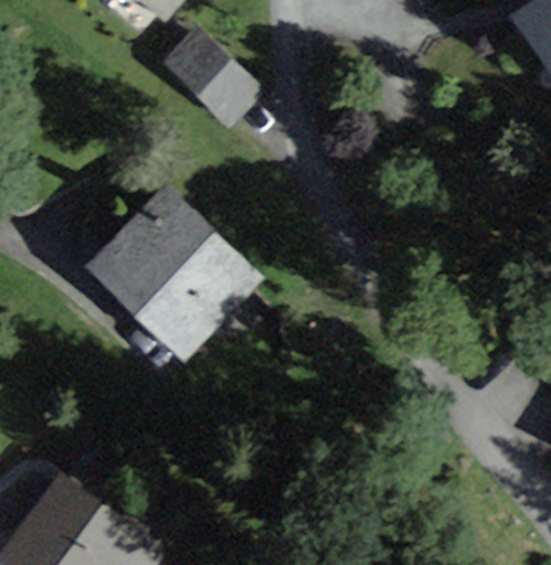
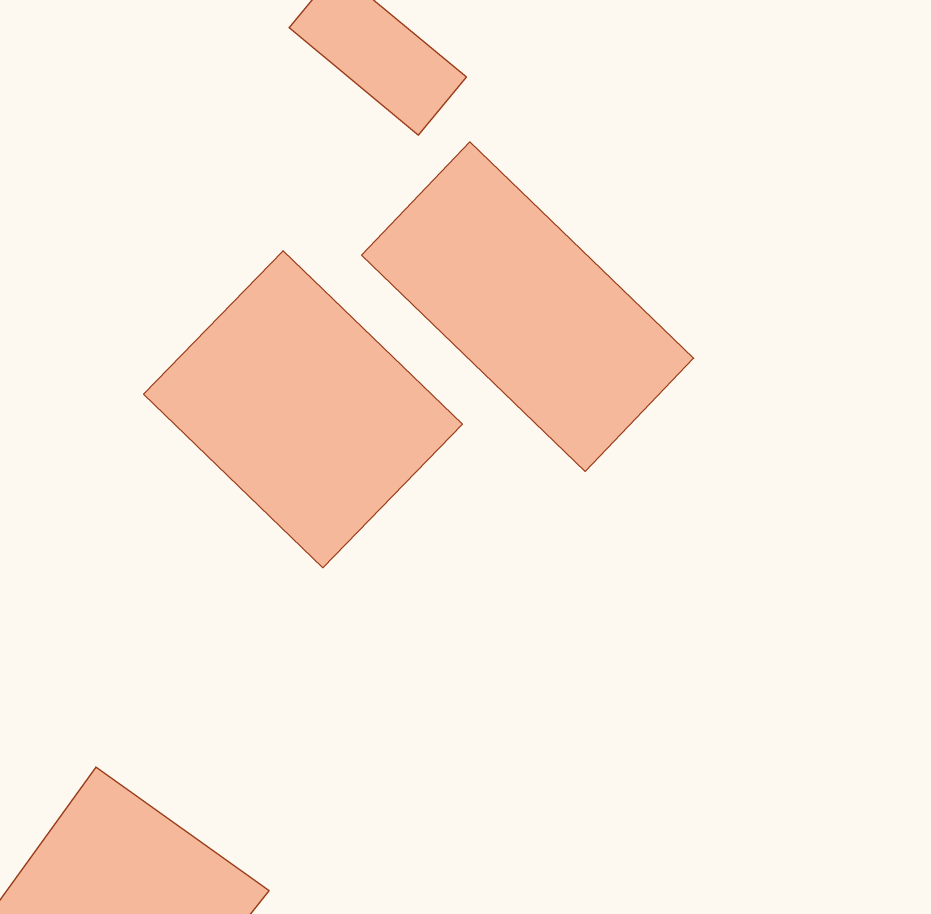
building: none -> [362,142,694,471]

